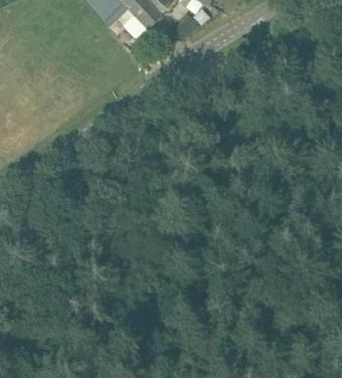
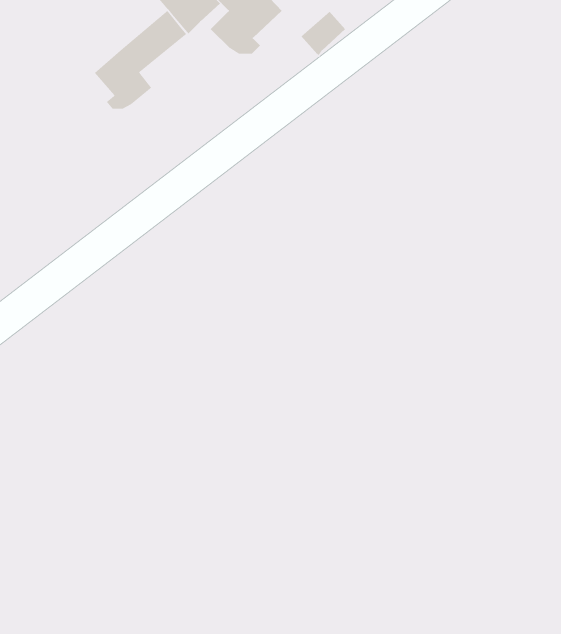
building: none -> [94,10,187,109]

